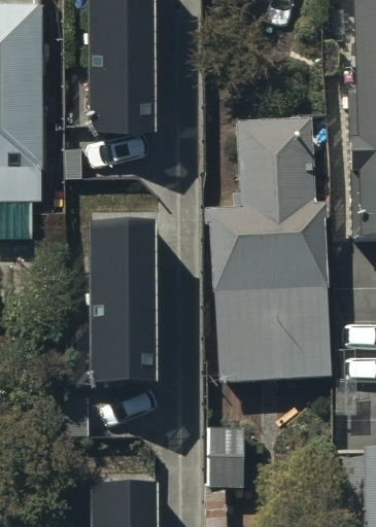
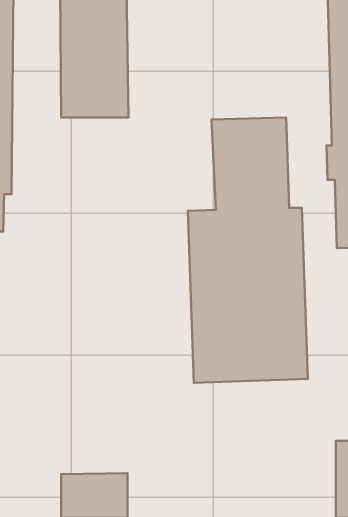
building: [93,215,160,373] -> none

